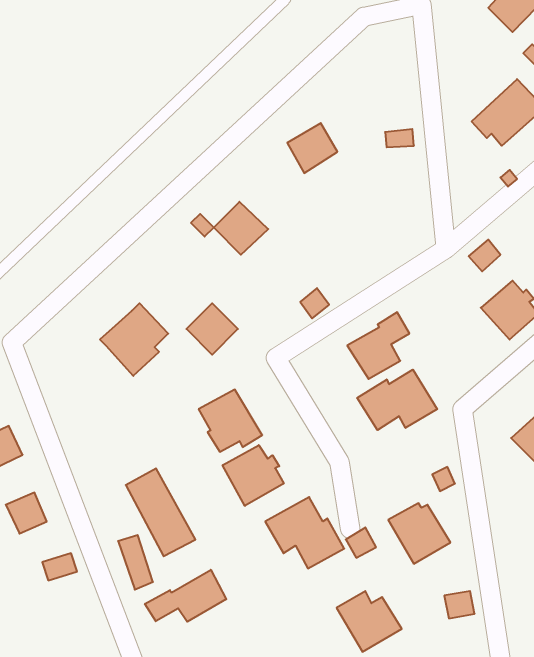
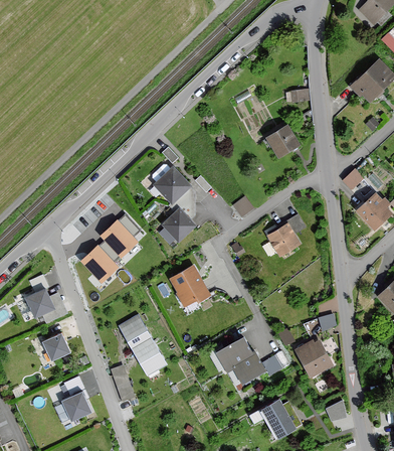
building: [287,123,337,173] -> [265,125,299,158]
building: [214,202,268,255] -> [153,167,189,202]
building: none -> [82,236,125,281]
building: [357,370,437,430] -> none
building: [223,445,284,506] -> none
building: [145,570,226,622] -> none
building: none -> [59,393,88,422]

